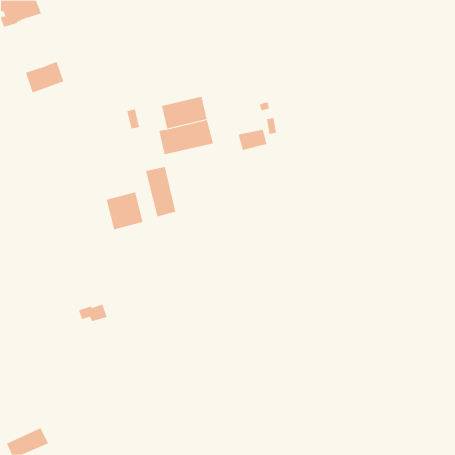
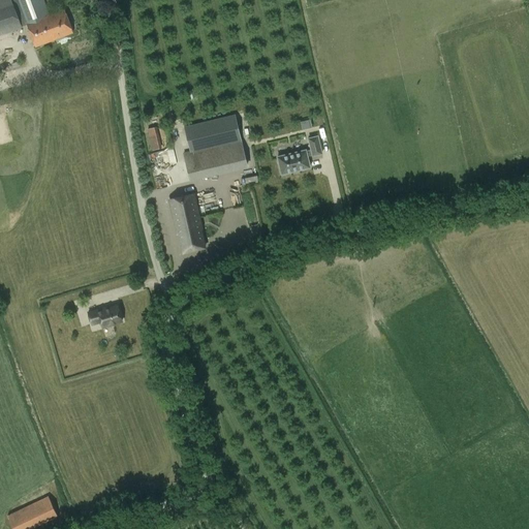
building: [25,61,64,93] -> [27,9,72,46]
building: [106,192,143,230] -> none
building: [78,304,107,322] -> [87,305,121,325]

